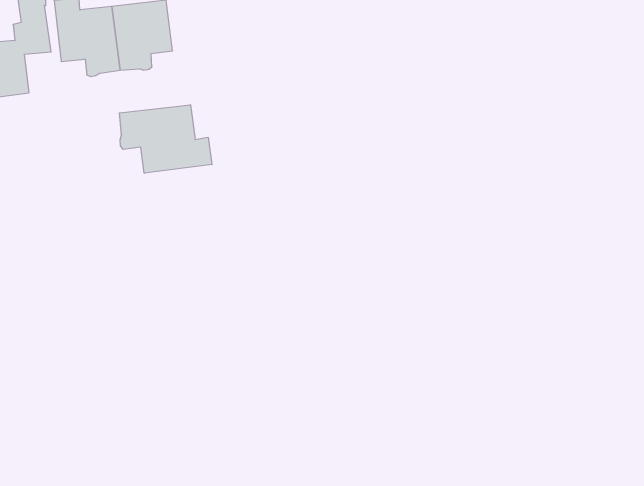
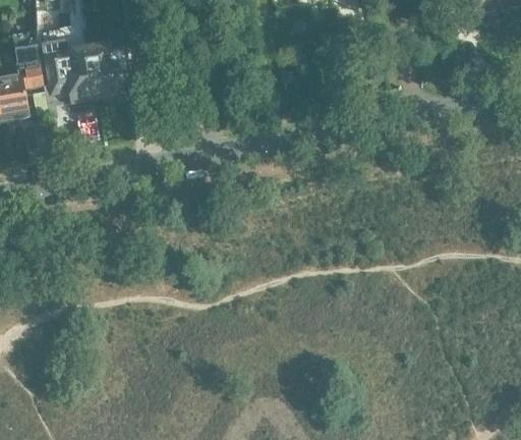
building: [119,105,212,173] -> none

